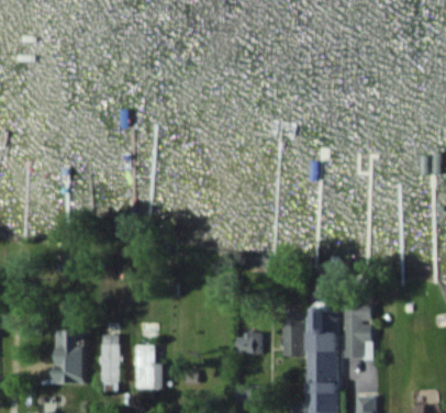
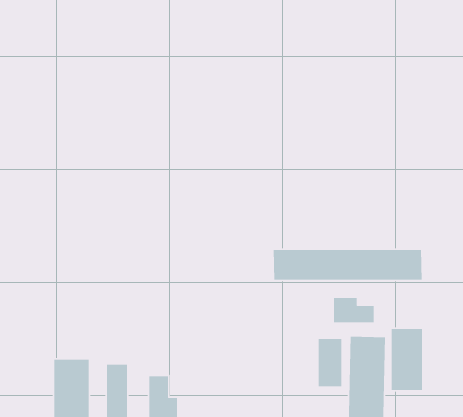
building: none -> [273,249,423,281]
building: none -> [333,297,375,323]
building: [235,334,259,354] -> none

